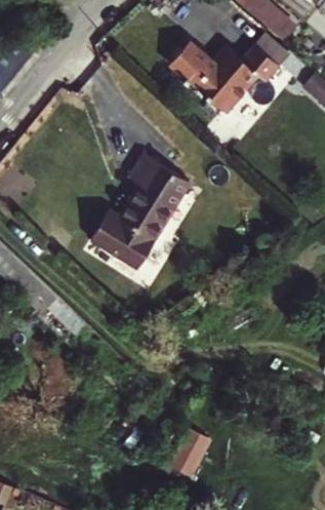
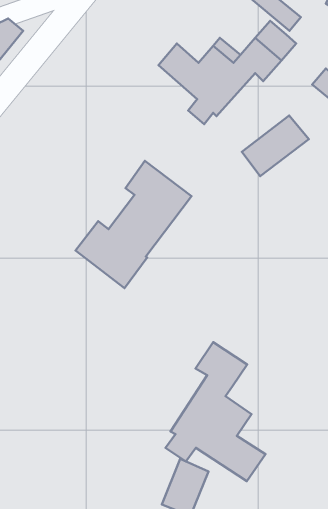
building: none -> [242,115,309,176]
building: none -> [165,342,266,481]

